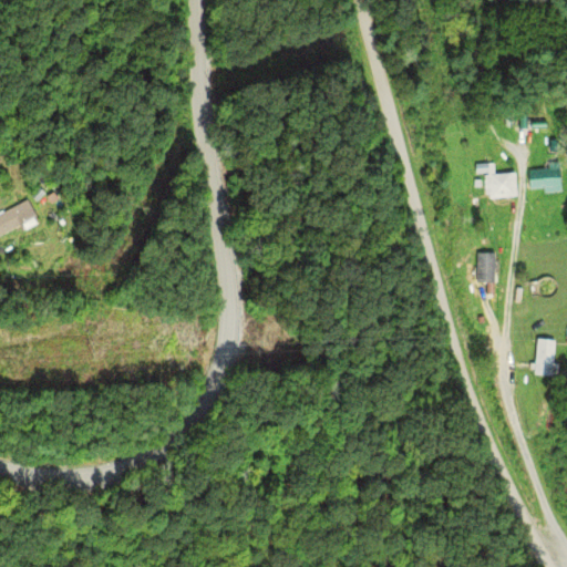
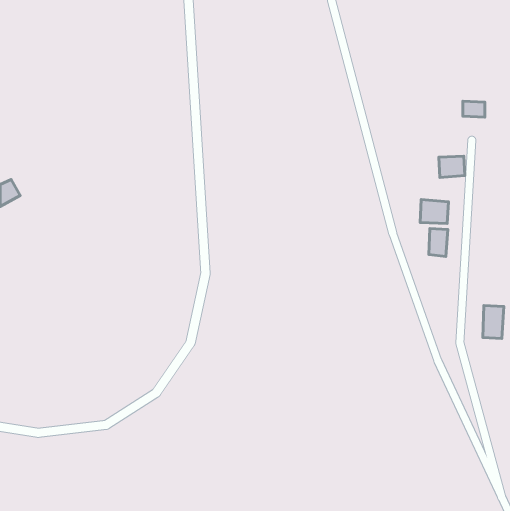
building: [527,165,561,194] -> none
building: none -> [420,200,448,224]

